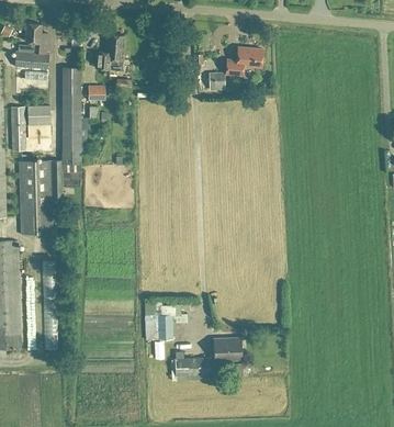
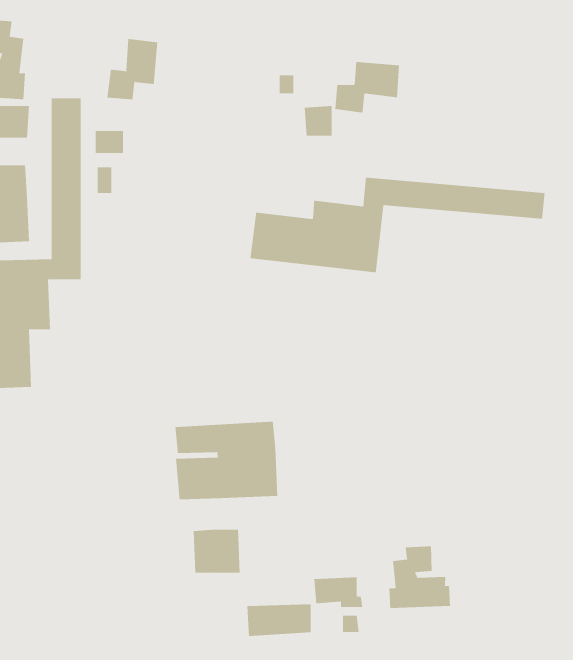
building: none -> [250,177,545,273]
building: none -> [175,421,278,500]
building: none -> [389,546,450,609]

